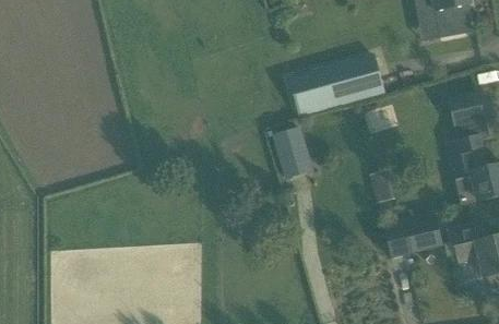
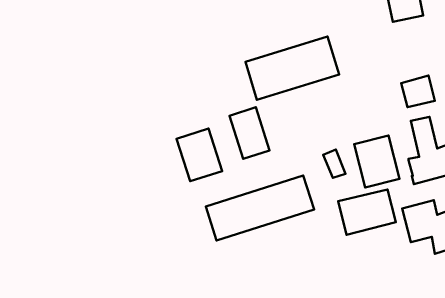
building: none -> [177,129,222,181]
building: none -> [354,135,399,187]
building: none -> [206,175,314,240]

